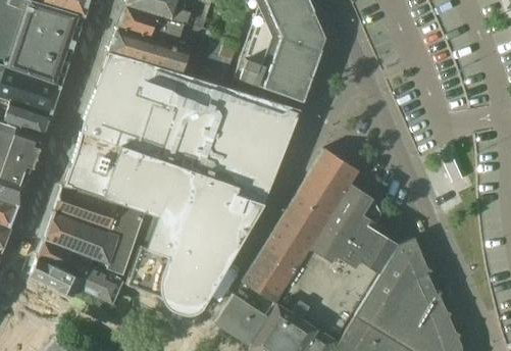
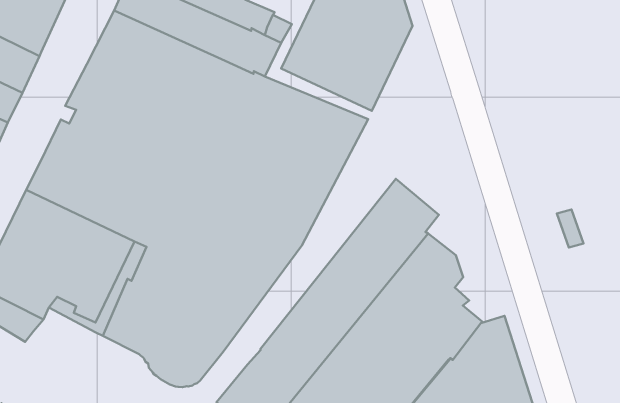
building: [76,267,121,302] -> none

